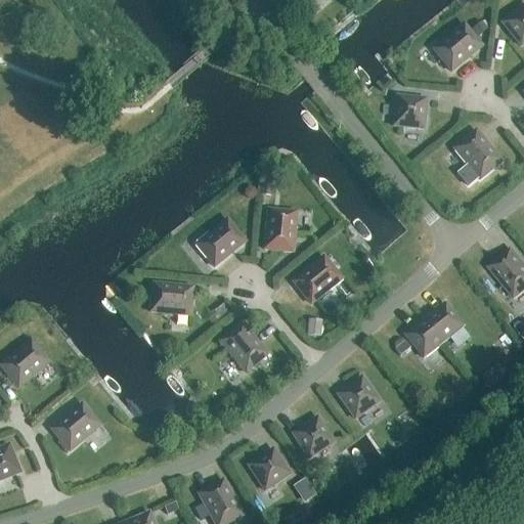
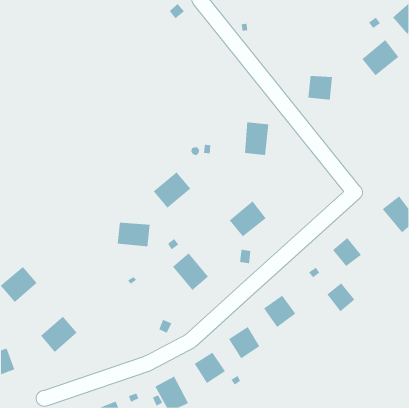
building: [433,24,481,71] -> [362,39,399,76]
building: [453,130,500,185] -> none
building: [264,209,296,252] -> [244,122,269,155]
building: [405,319,442,357] -> [326,283,355,312]

